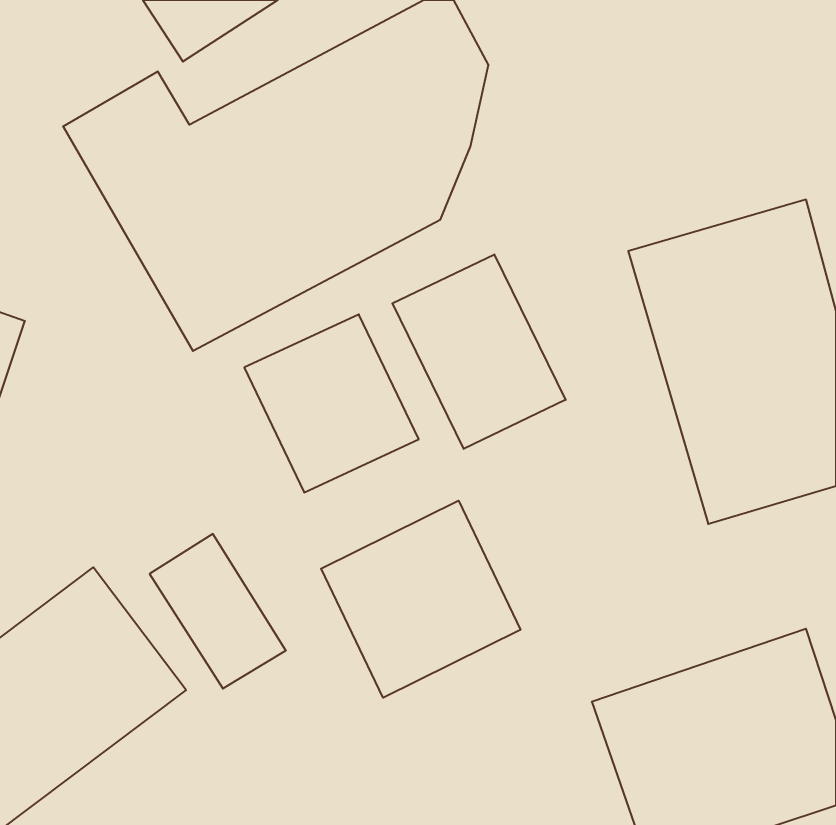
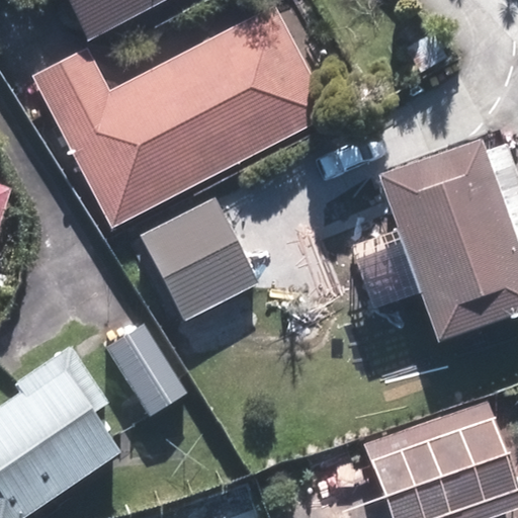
building: [392,254,566,449] -> none
building: [321,501,520,698] -> none

